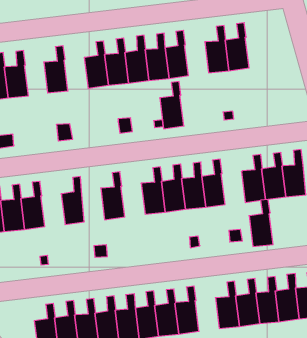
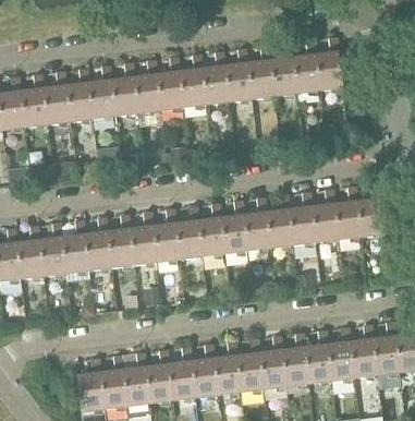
building: none -> [318,36,345,89]
building: none -> [113,61,141,116]
building: none -> [69,67,95,121]
building: [160,82,184,129] -> [249,45,277,98]
building: none -> [178,205,205,258]
building: none -> [133,211,159,264]
building: none -> [87,216,114,269]
building: [249,199,273,246] -> [291,191,318,244]
building: none -> [261,334,289,388]

